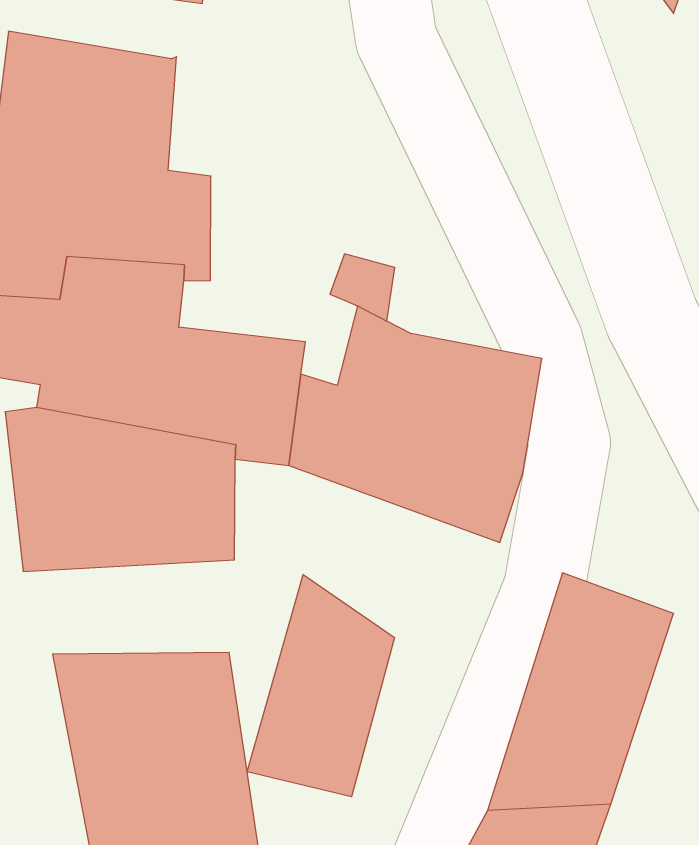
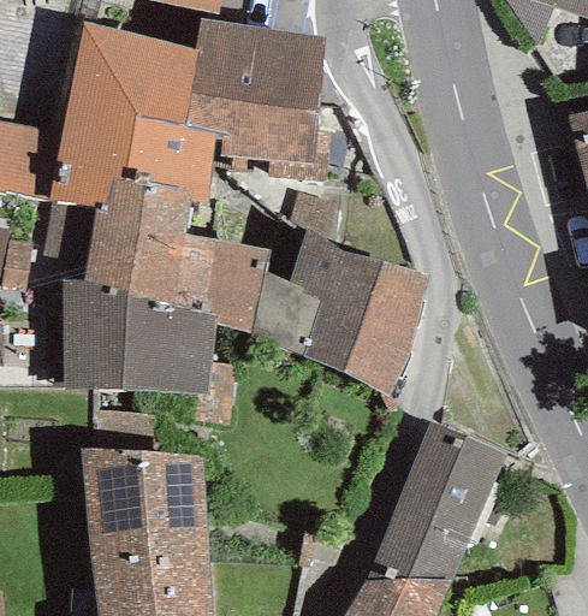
building: none -> [185,17,331,179]
building: [247,575,394,797] -> none

